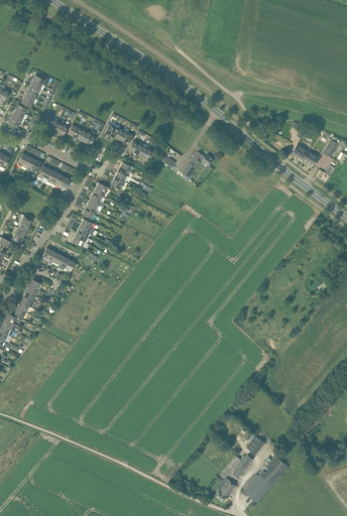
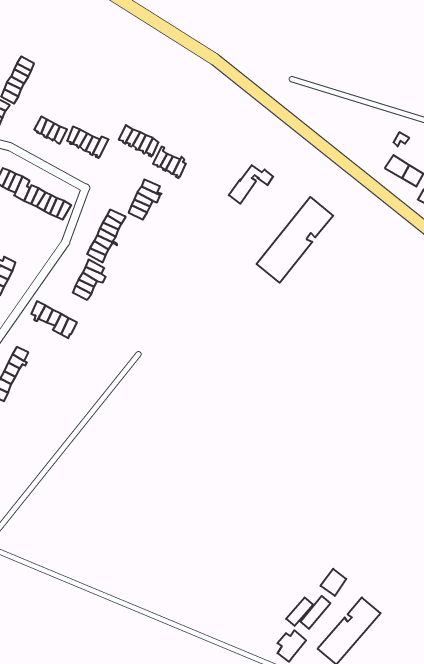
building: none -> [257,197,333,283]

